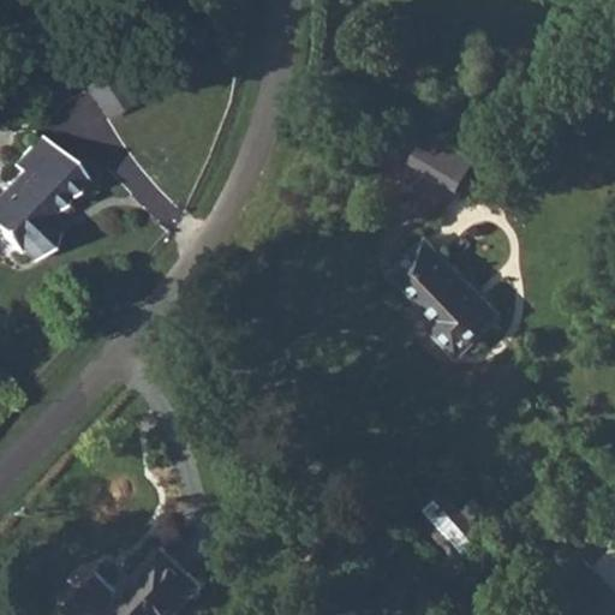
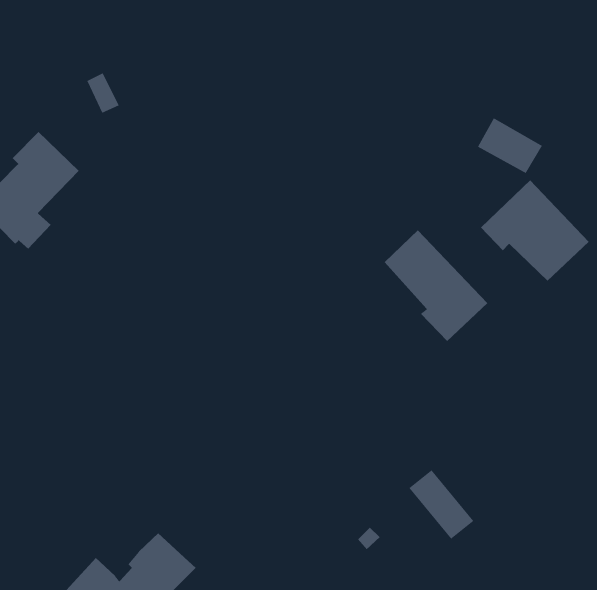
building: [412,137,479,195] -> [477,118,543,174]
building: none -> [480,179,590,282]

